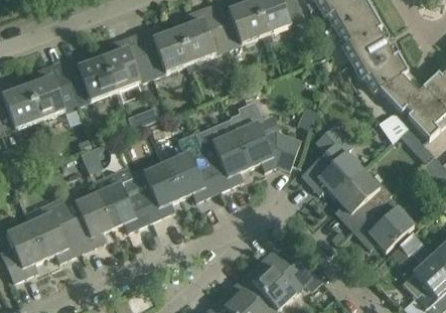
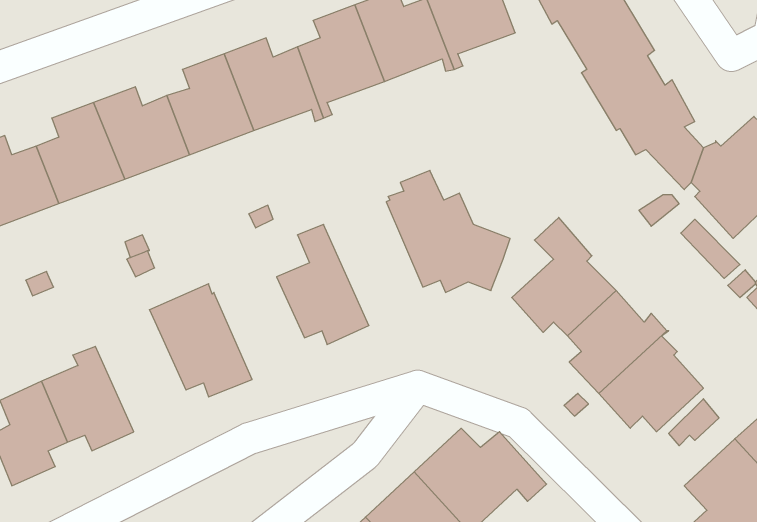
building: [193,119,251,190] -> none
building: [130,162,182,221] -> none
building: [61,192,114,252] -> none

